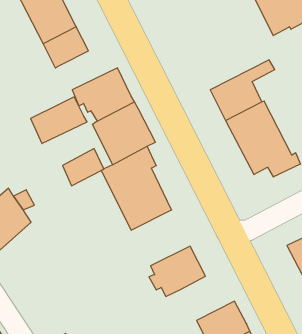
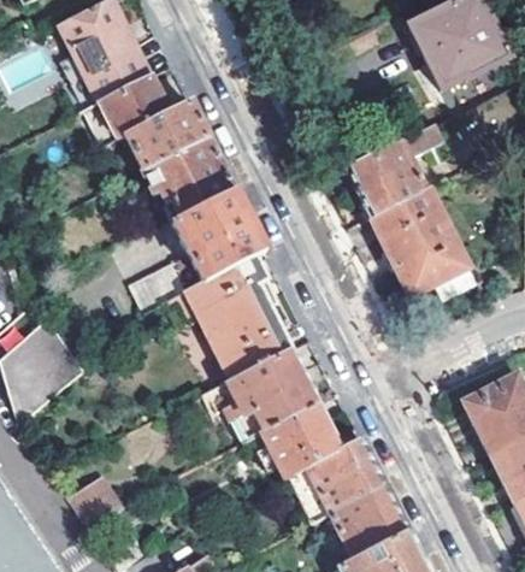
building: [31,97,87,144] -> [125,101,210,171]
building: none -> [223,350,318,444]
building: none -> [305,438,384,515]
building: none -> [67,474,125,530]

